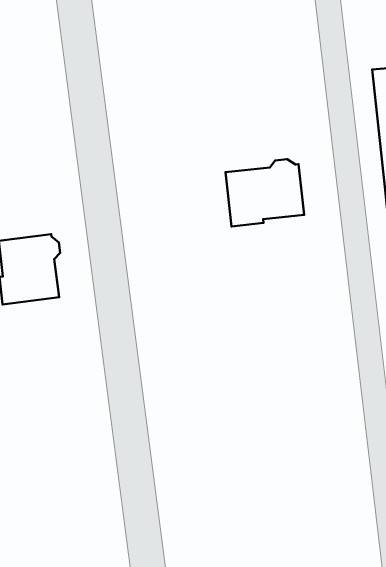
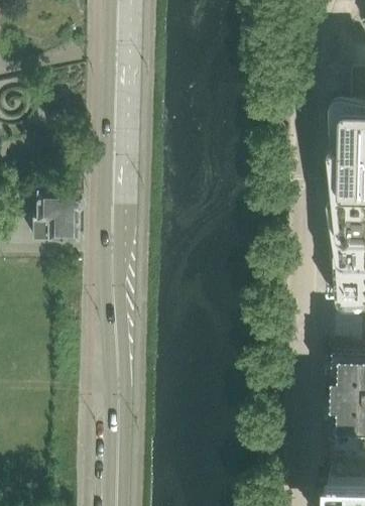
building: [226,159,304,226] -> none

